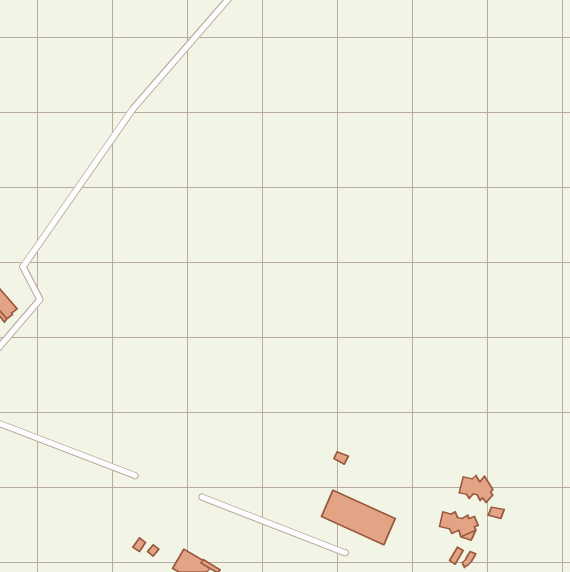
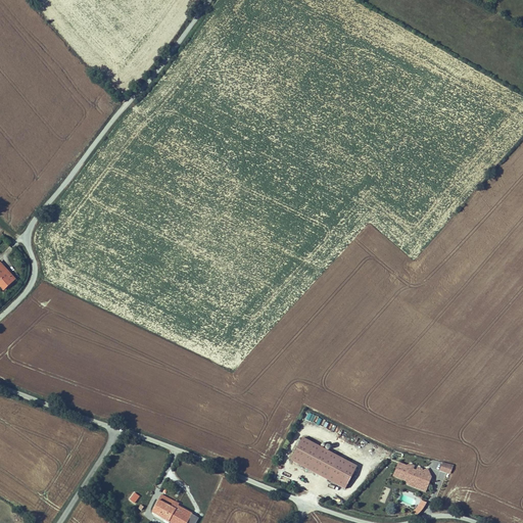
building: [459,475,493,502] -> none

